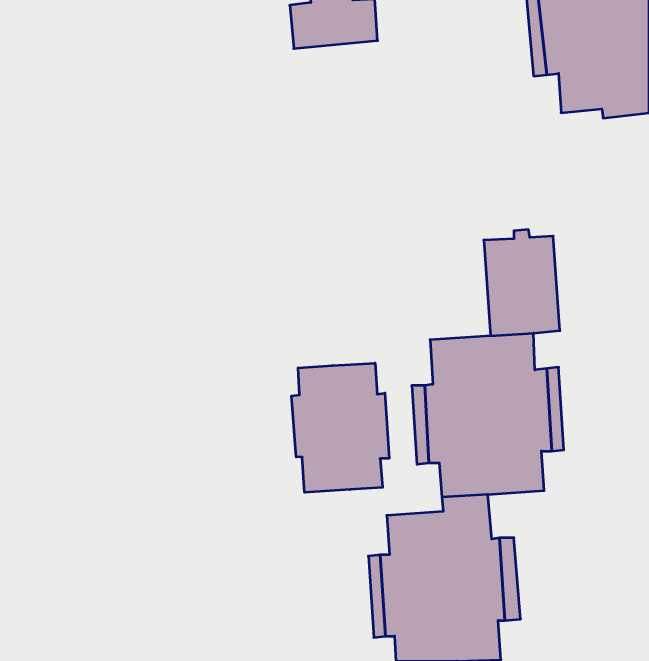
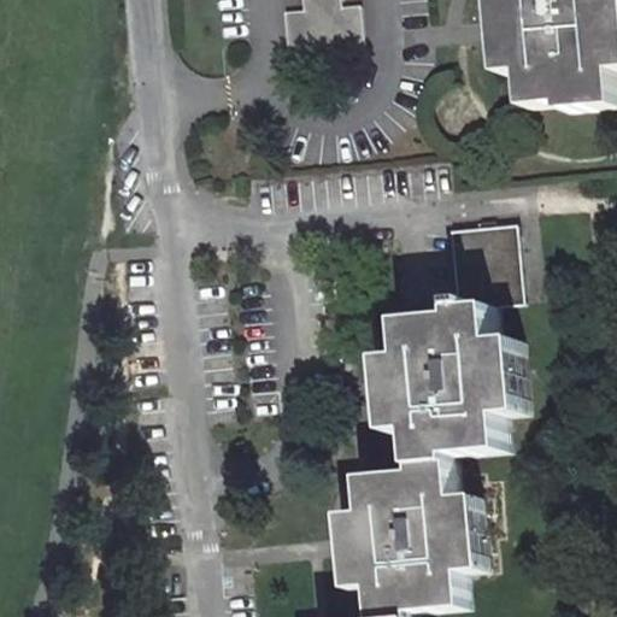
building: [292,363,389,492] -> none

